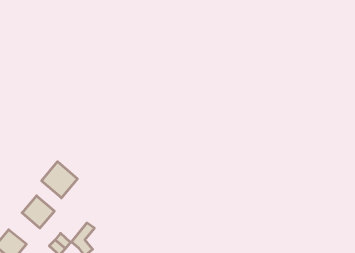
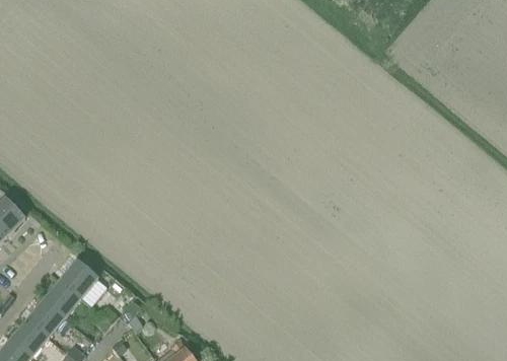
building: [42,162,77,198] -> none
building: none -> [44,281,81,318]

